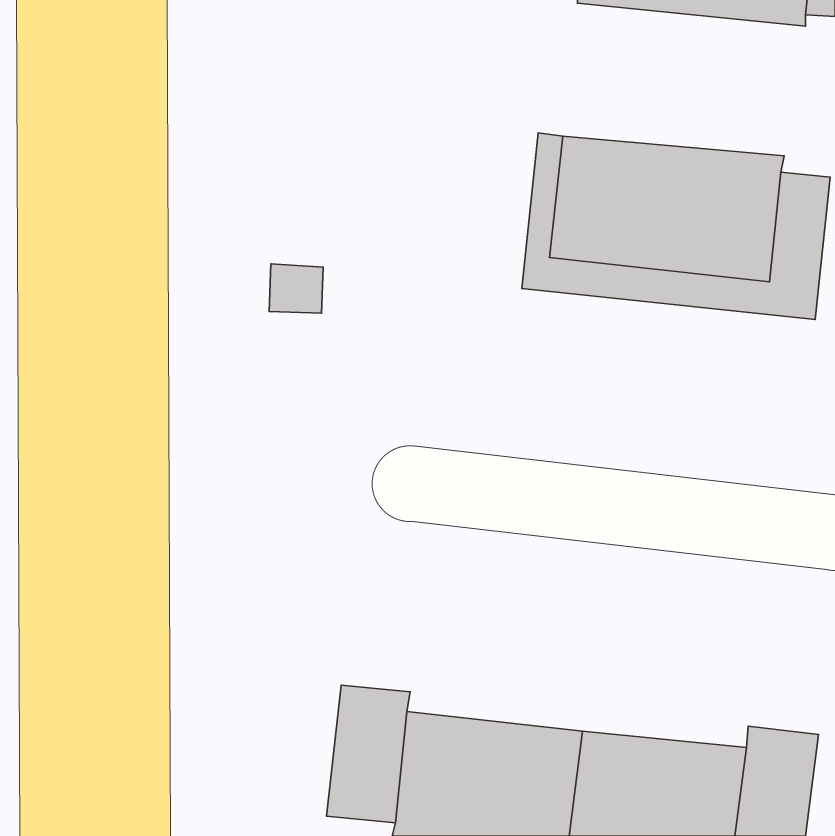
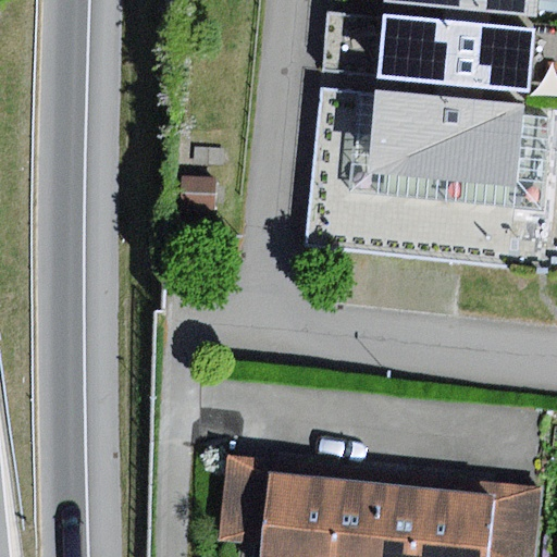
building: none -> [376,14,533,91]

